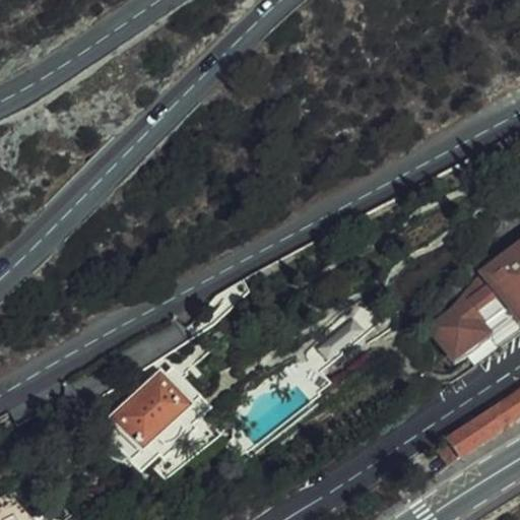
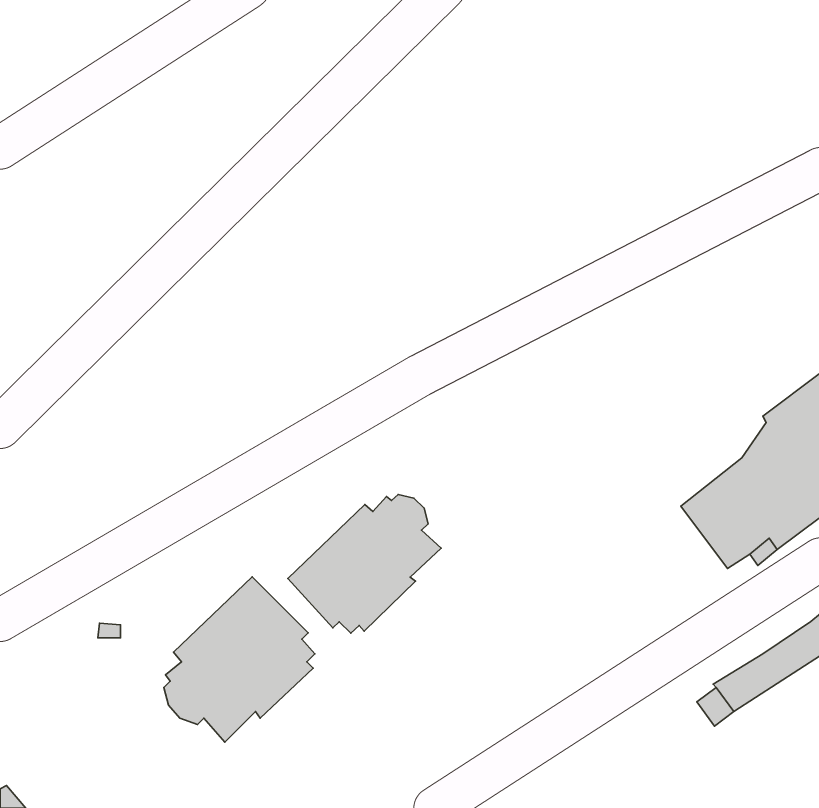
building: none -> [288,495,441,633]

